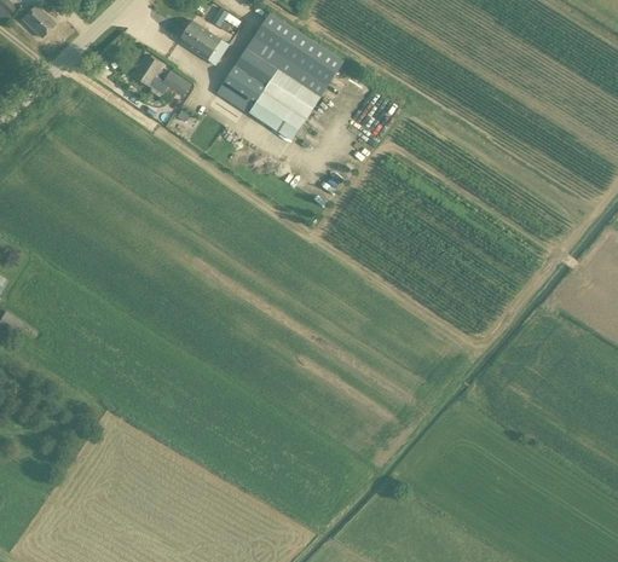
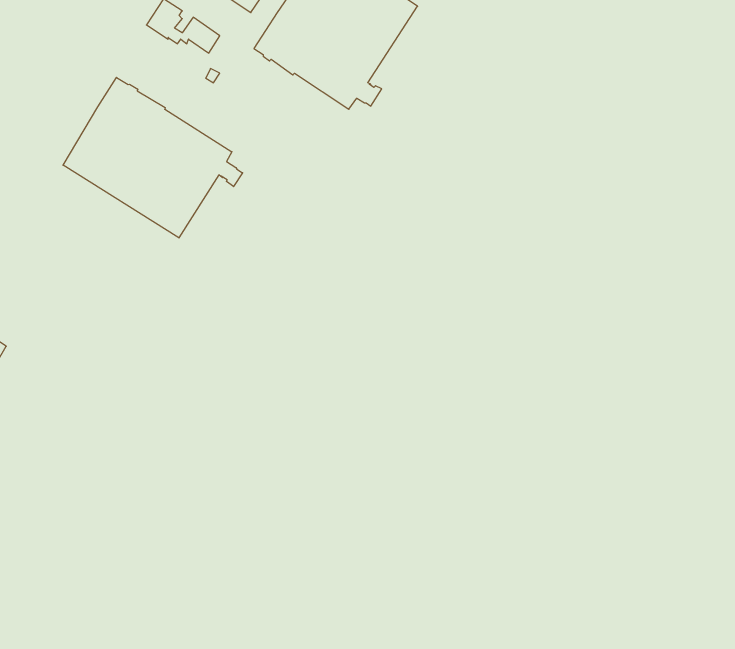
building: none -> [63,77,243,238]

